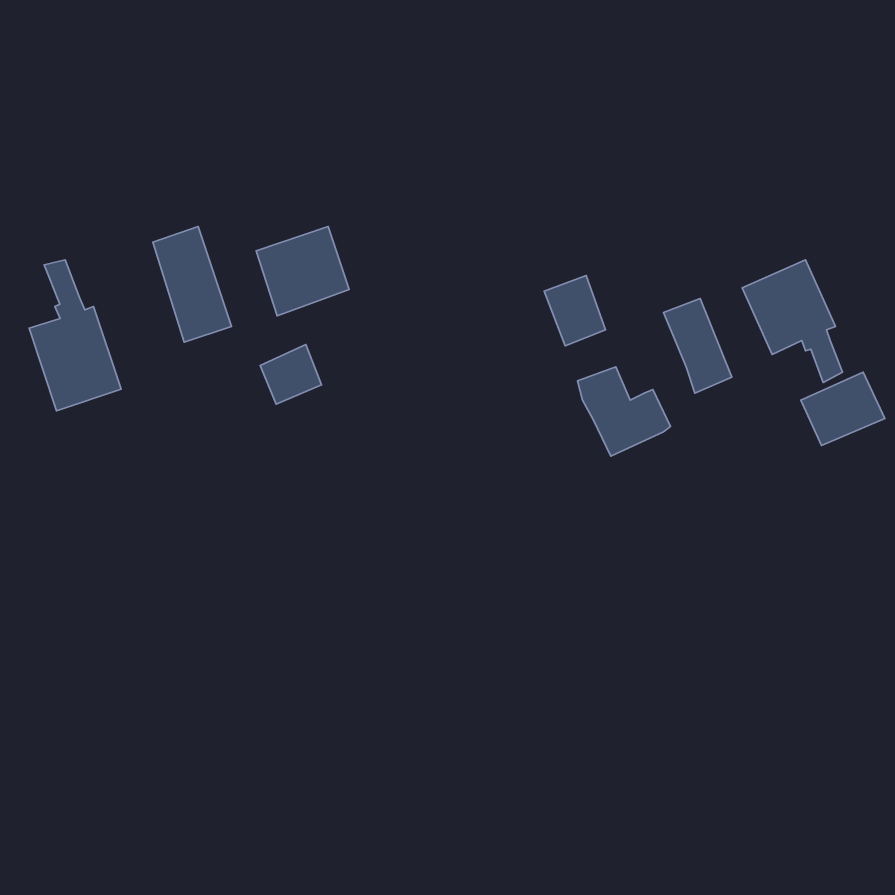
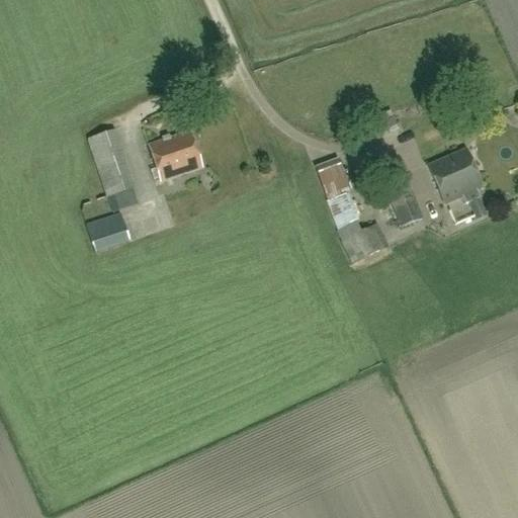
building: [29,260,121,411] -> none
building: [260,345,322,404] -> [99,209,135,244]
building: [801,372,885,445] -> none

